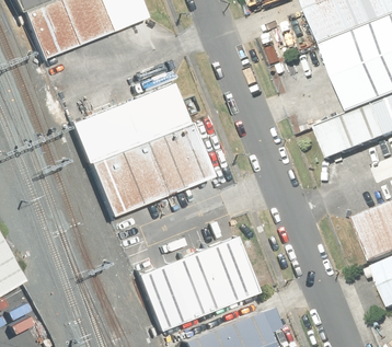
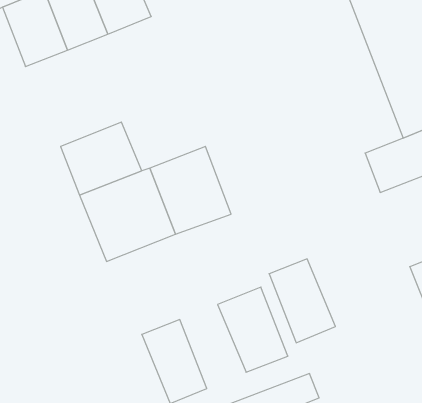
building: [122,82,189,141] -> none
building: [169,250,222,317] -> [269,259,335,343]

